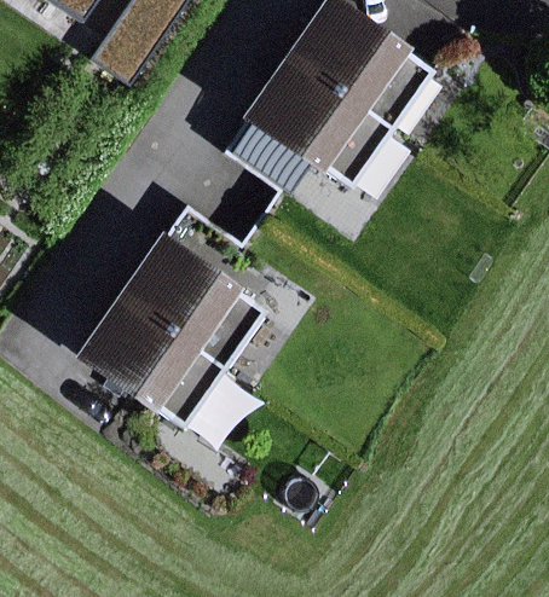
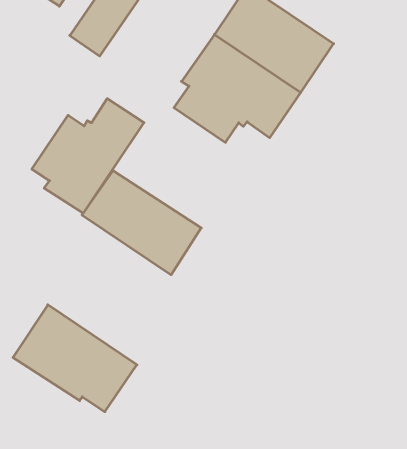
building: none -> [32,99,144,213]
building: [70,289,230,427] -> [13,305,137,412]

